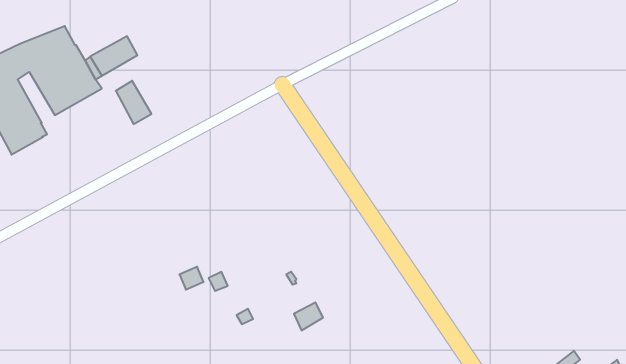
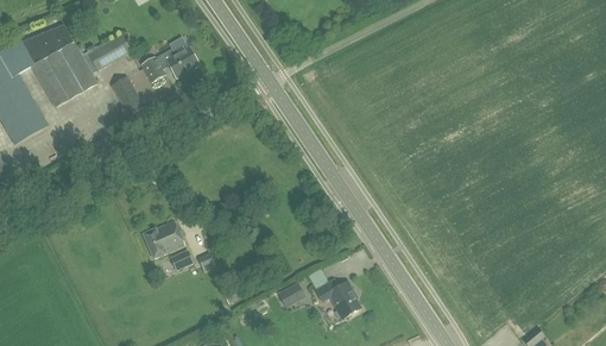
building: none -> [141,46,200,83]
building: none -> [144,220,185,259]
building: none -> [309,270,361,319]

